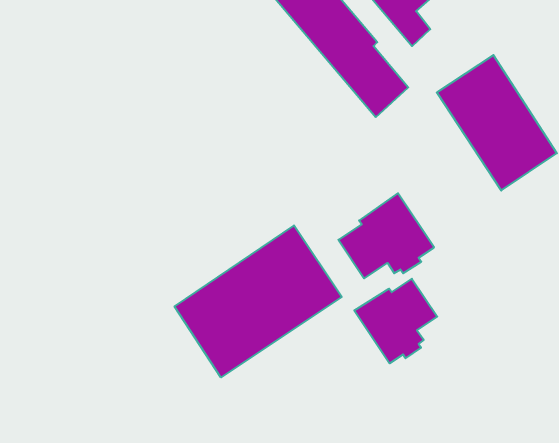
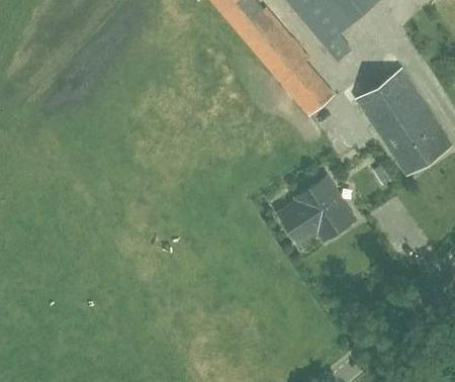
building: [175,225,342,377] -> none
building: [354,279,437,363] -> none

